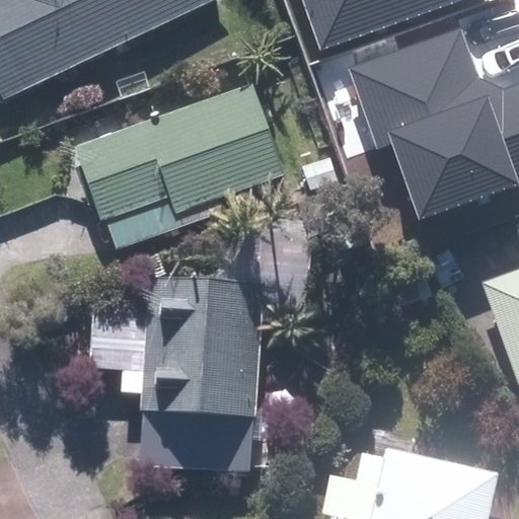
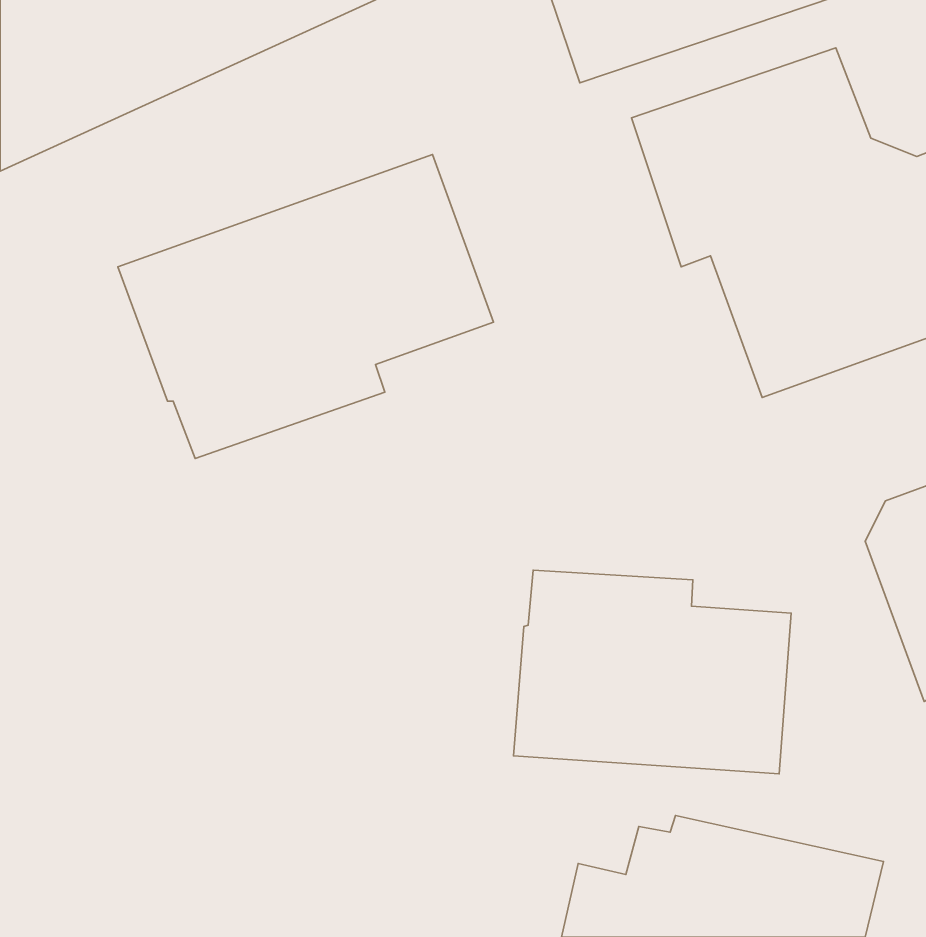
building: [137,281,261,469] -> none
building: none -> [514,570,791,774]

